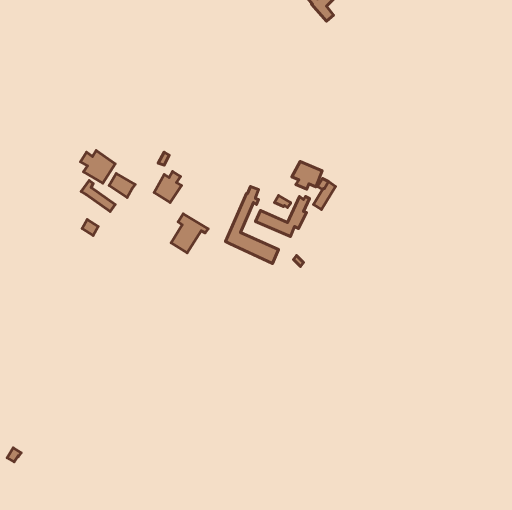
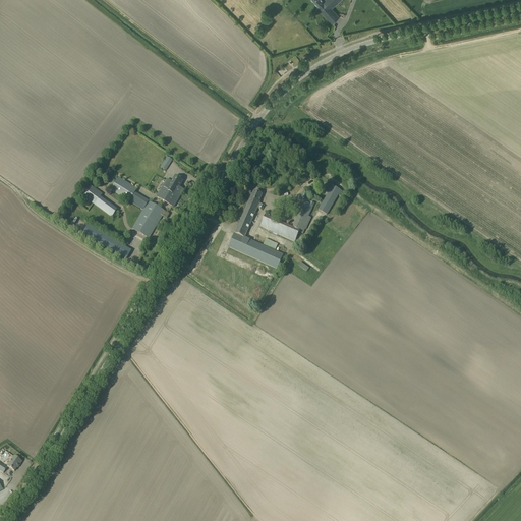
building: [80,151,115,183] -> none
building: [292,162,322,189] -> none
building: [171,214,208,253] -> [132,197,170,237]

